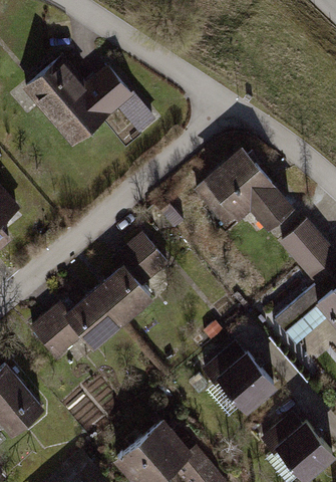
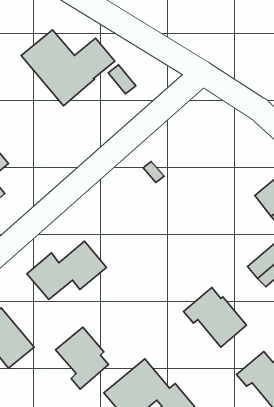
building: [197,151,291,226] -> none
building: [96,236,166,321] -> none
building: none -> [56,327,109,389]

